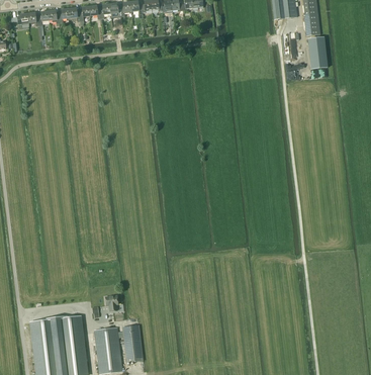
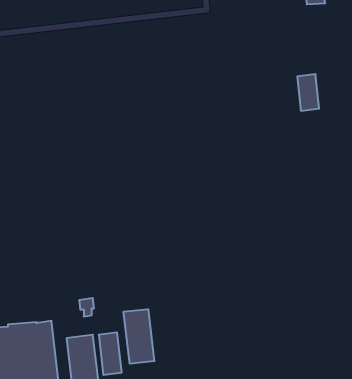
building: [307,36,327,69] -> [297,74,319,111]
building: none -> [124,309,154,364]

